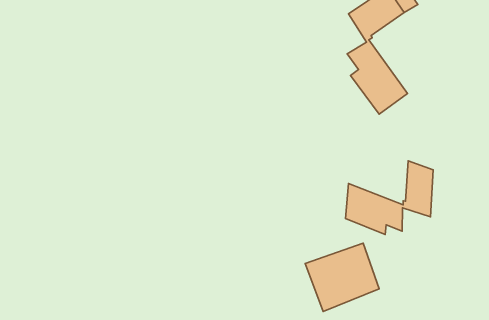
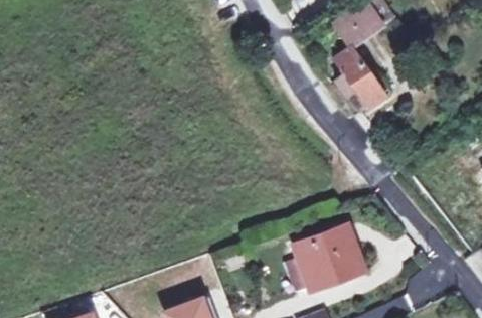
building: [346,161,433,235] -> none

